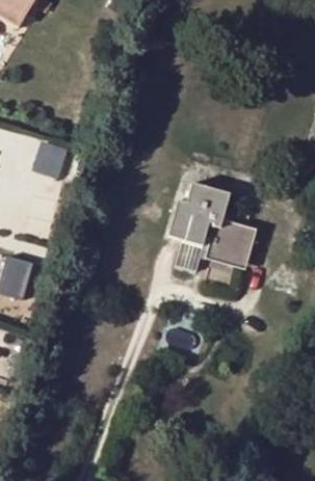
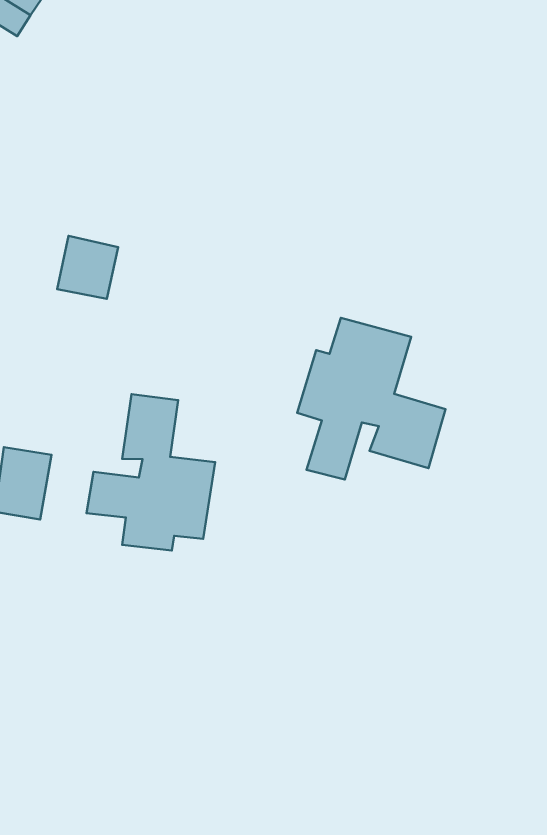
building: none -> [86,394,215,551]

